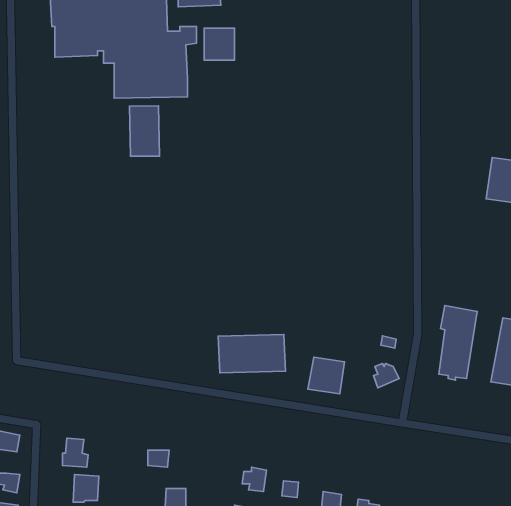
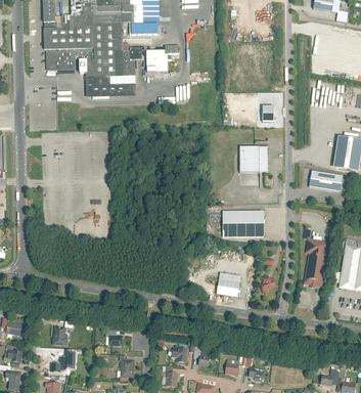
building: [129,106,159,156] -> none
building: none -> [239,146,268,172]
building: none -> [309,171,343,190]
building: [218,335,285,373] -> [222,209,267,234]

